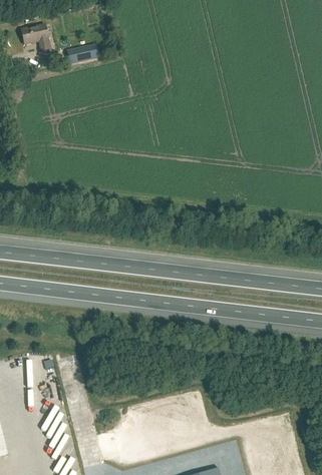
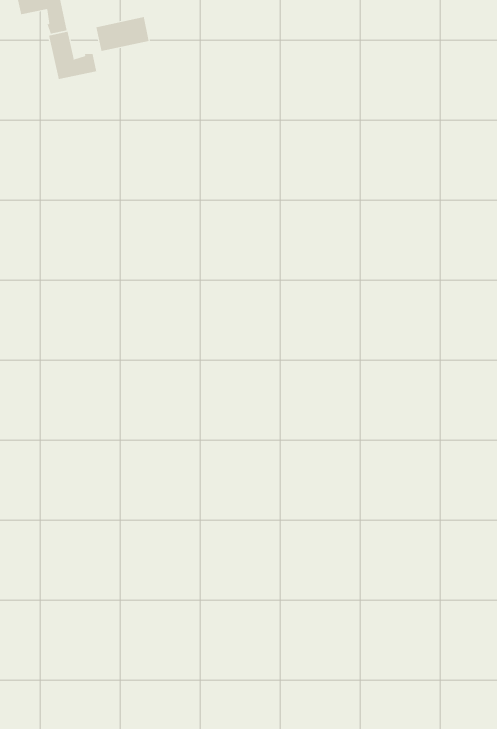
building: none -> [49,31,97,80]

